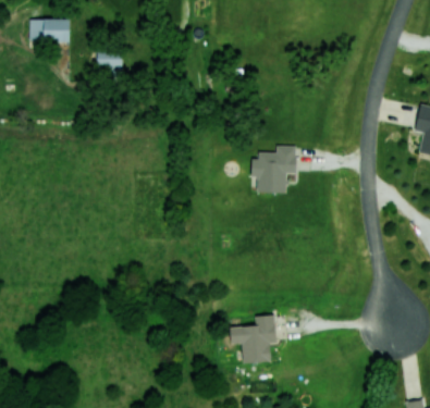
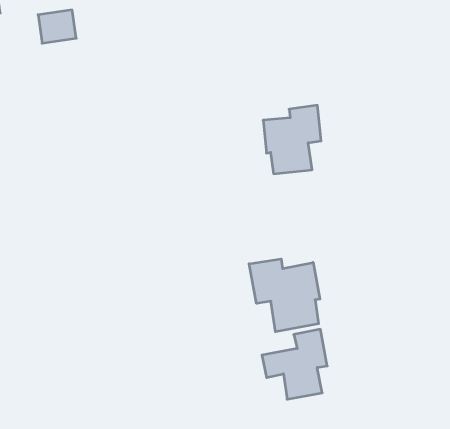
building: none -> [249,259,320,332]

